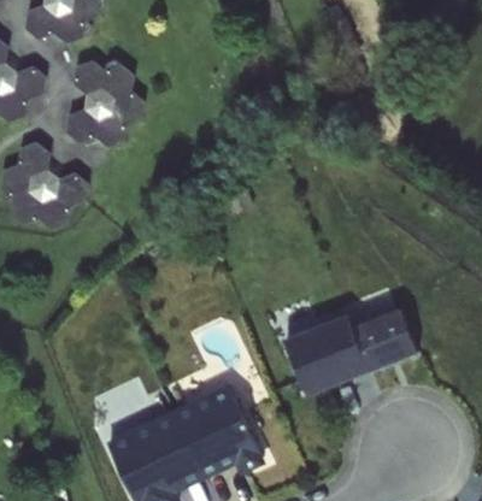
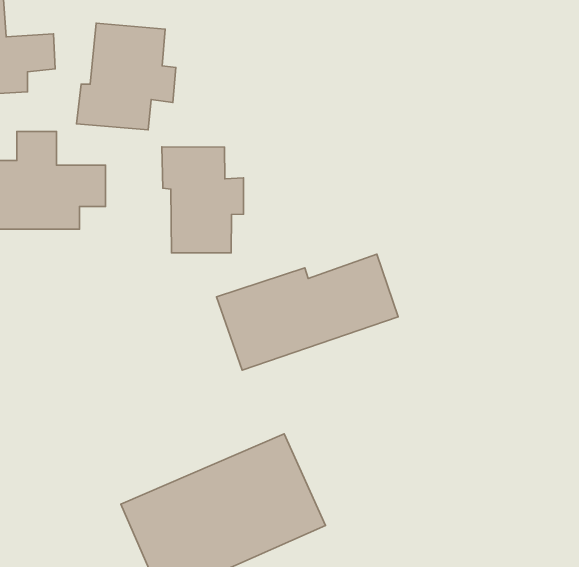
building: none -> [162,147,243,253]
building: [275,303,418,395] -> [216,254,398,370]

